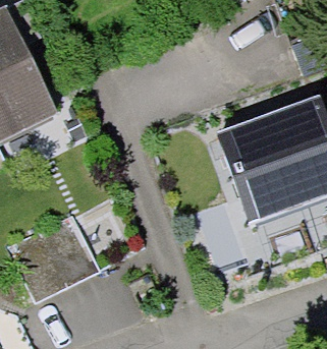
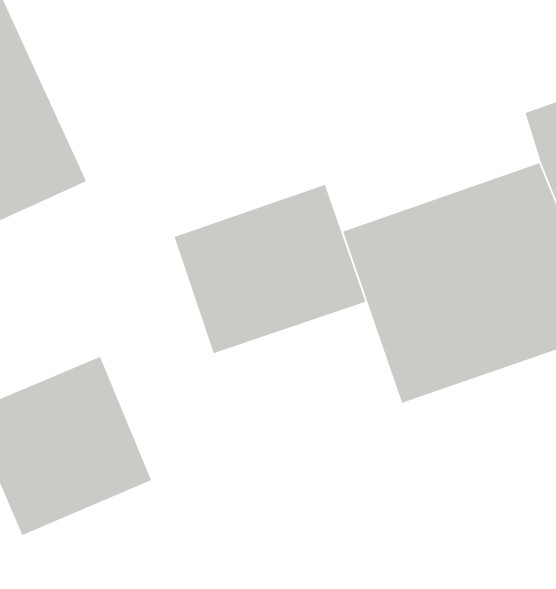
building: none -> [174,184,366,354]

